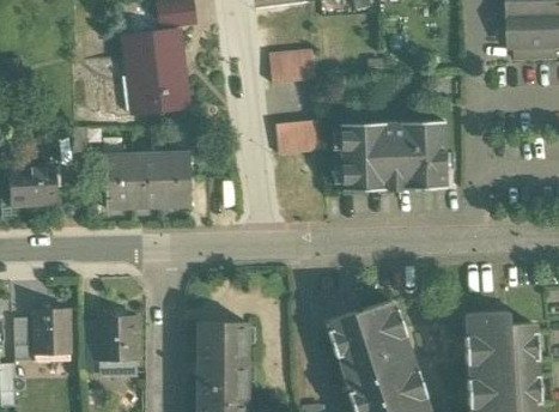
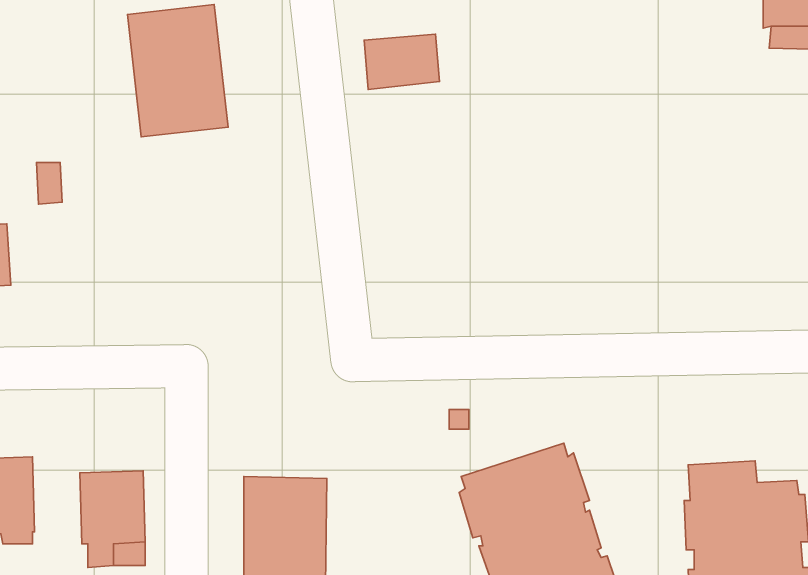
building: [275,121,321,154] -> none
building: [340,122,446,193] -> none
building: [104,156,190,210] -> none

